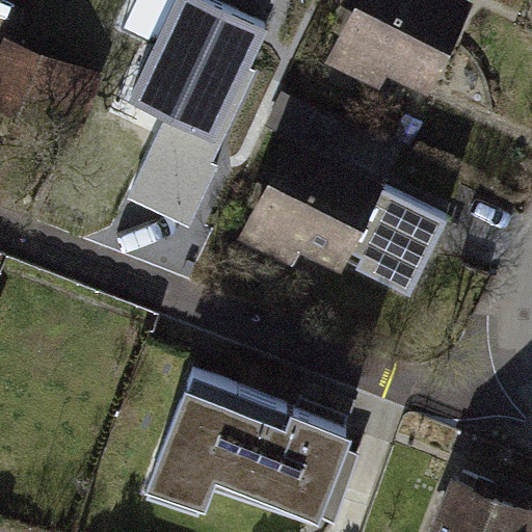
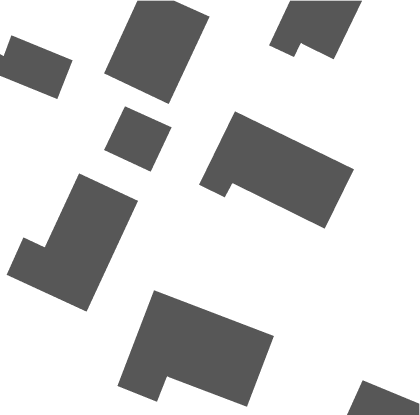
building: none -> [6,173,139,313]

